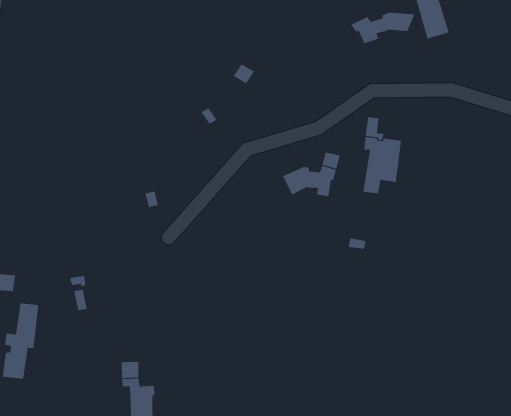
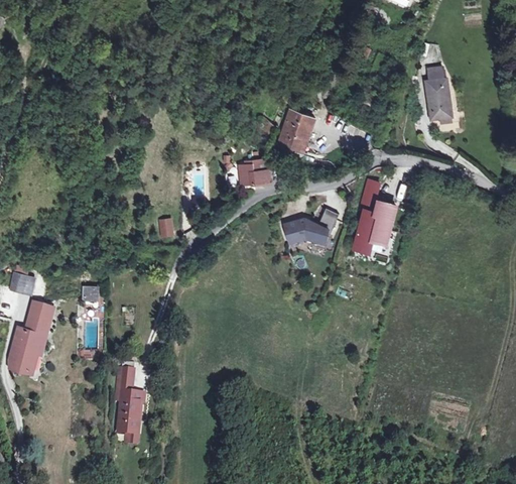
building: [350,12,415,44] -> none
building: none -> [278,111,315,153]
building: none -> [240,159,270,186]

